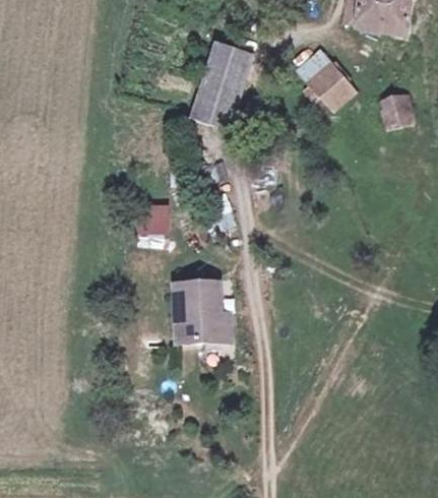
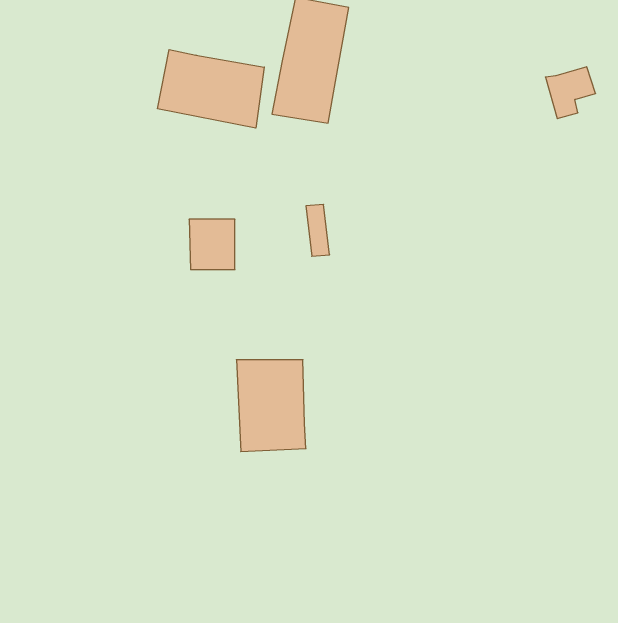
building: [309,56,357,107] -> none
building: none -> [158,50,264,128]

